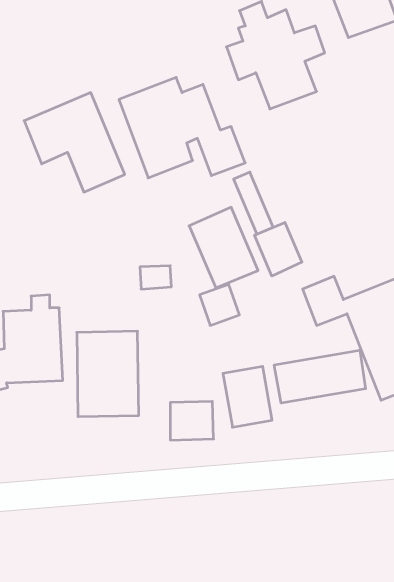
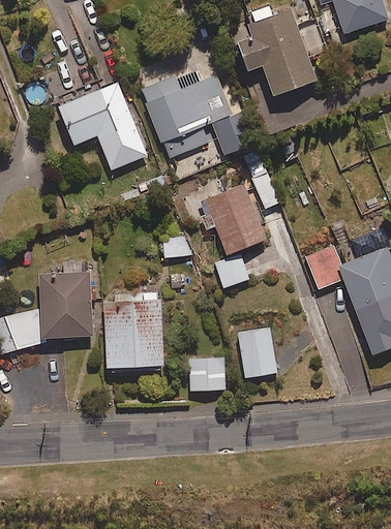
building: [255,222,302,276] -> none
building: [274,350,366,403] -> none

